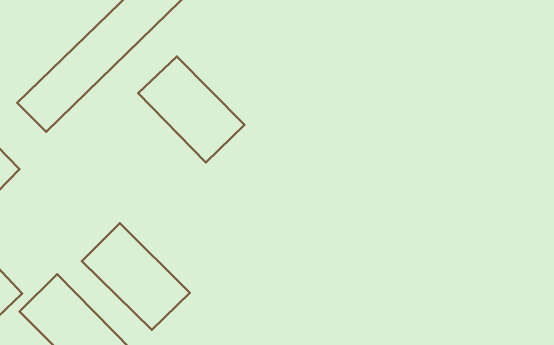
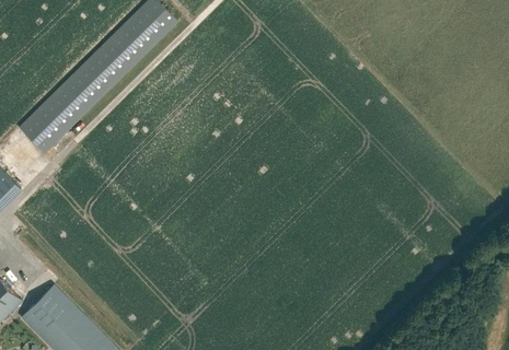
building: [138,57,244,163] -> none
building: [82,223,190,330] -> none

